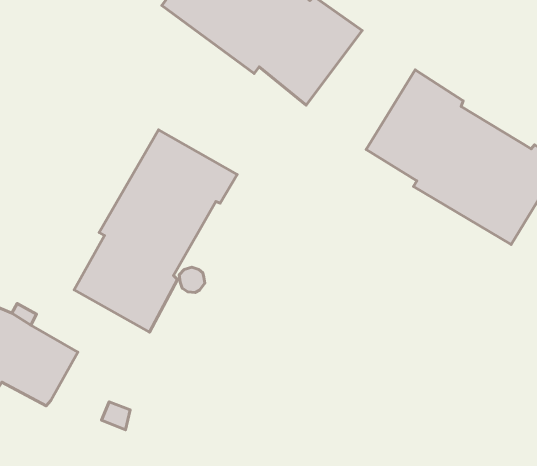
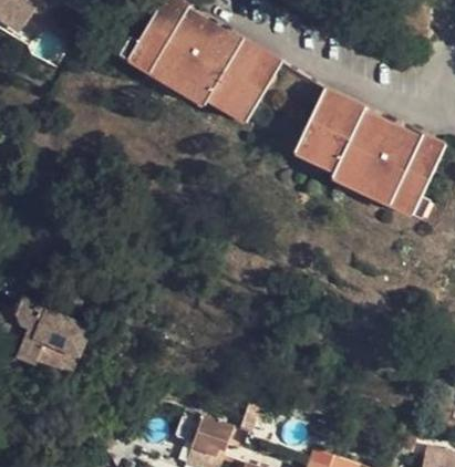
building: [74,130,237,332] -> none

